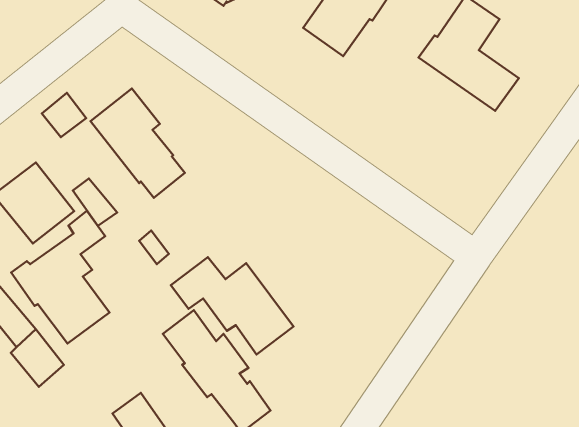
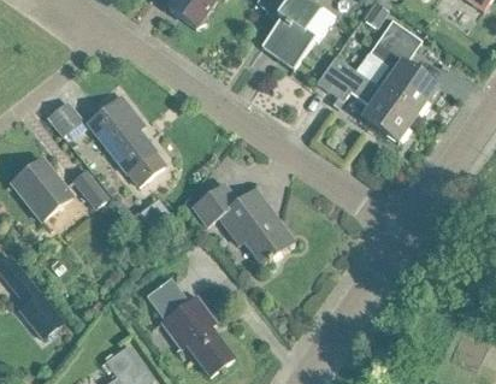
building: none -> [317,57,418,143]
building: [11,211,109,344] -> none
building: [171,257,293,355] -> [194,184,294,264]

